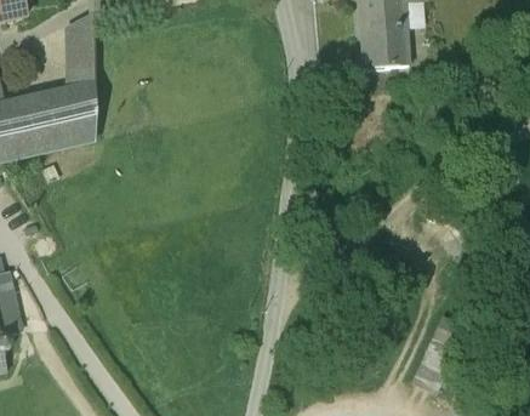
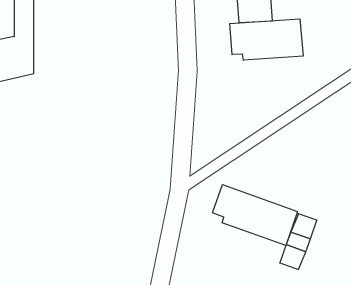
building: none -> [230,19,303,60]
building: none -> [213,185,297,246]

